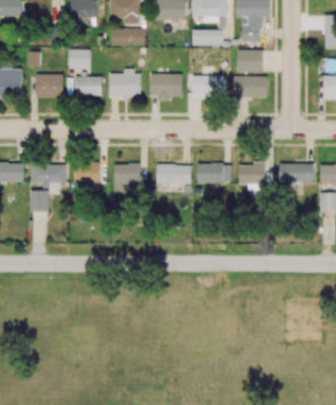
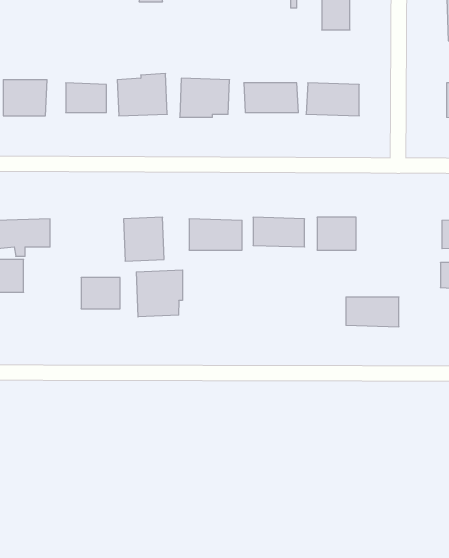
building: [111,28,144,46] -> none
building: [192,29,222,46] -> none
building: [68,49,89,68] -> none
building: [237,50,262,72] -> none
building: [73,162,98,182] -> [81,278,120,309]
building: [278,163,313,182] -> [346,297,399,327]
building: none -> [136,270,183,317]

